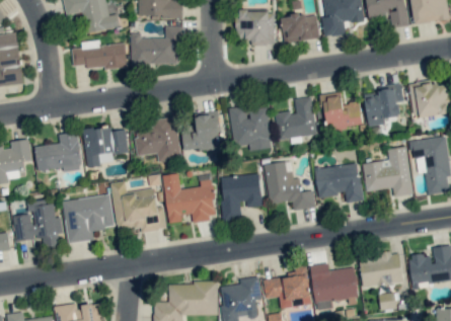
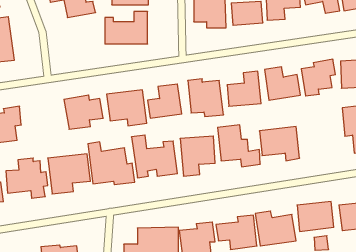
building: [72,41,127,70] -> none
building: [34,132,82,172] -> none
building: [362,147,412,196] -> none

